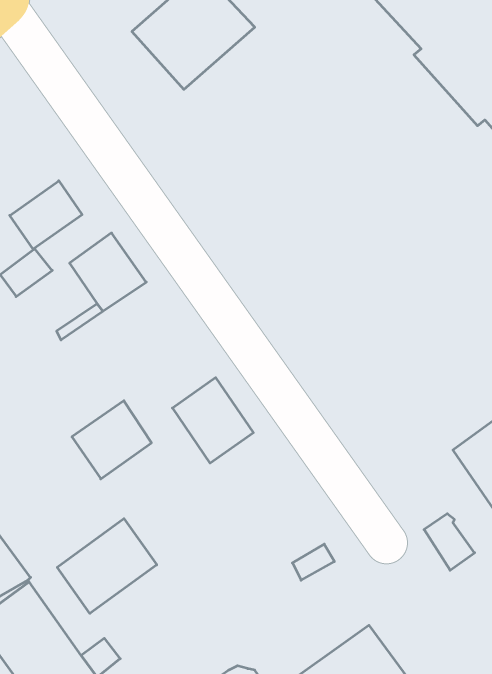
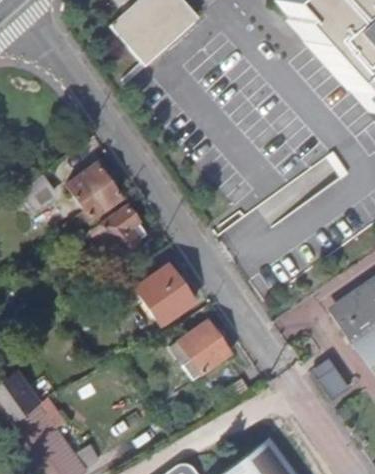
building: [10,181,82,249] -> none
building: [72,401,151,479] -> [91,205,146,259]
building: none -> [170,321,230,379]
building: [57,519,157,613] -> none

